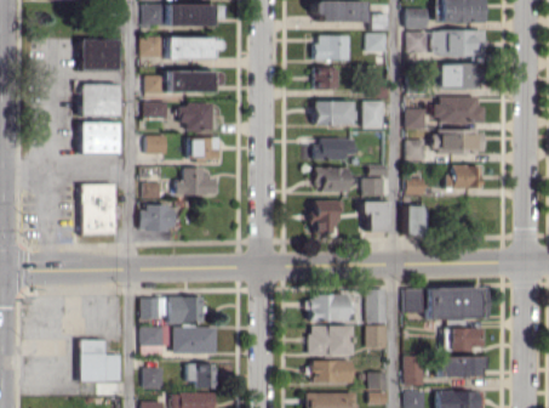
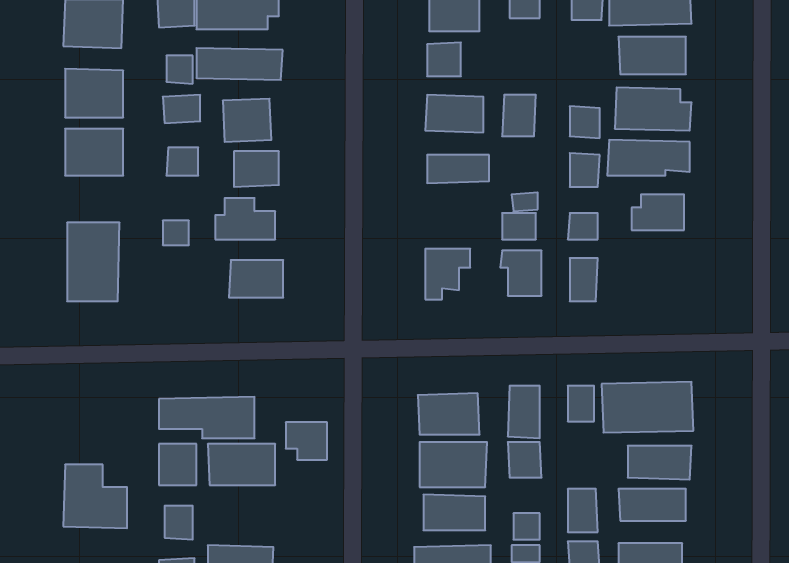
building: [314,168,348,191] -> none
building: [139,206,175,231] -> [229,260,283,298]
building: [188,363,215,387] -> [286,422,327,460]

